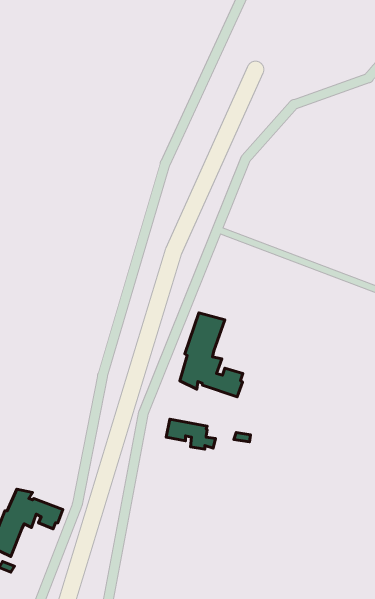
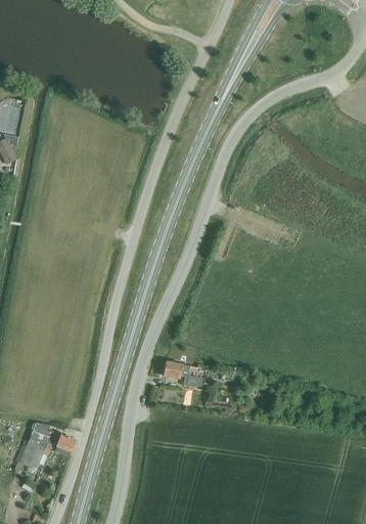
building: [180,313,243,397] -> none

